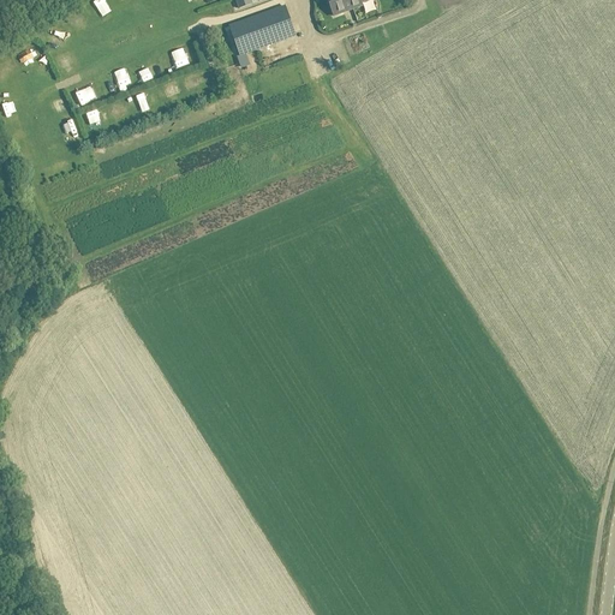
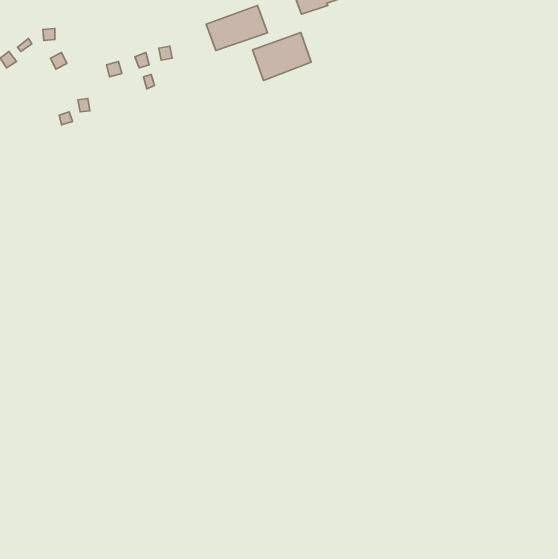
building: none -> [253,33,311,80]

